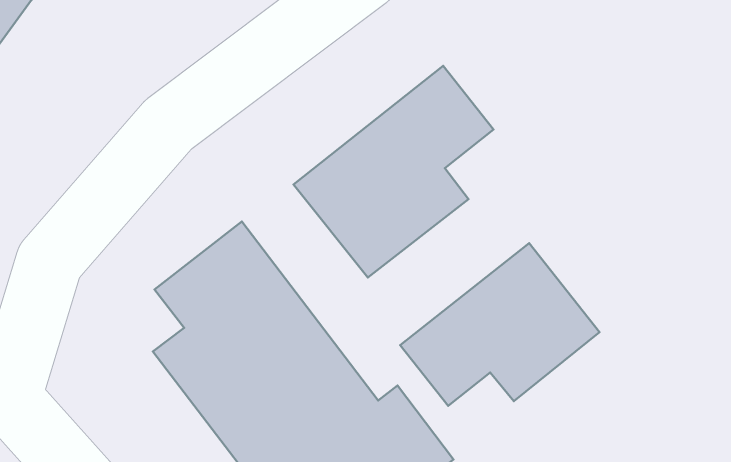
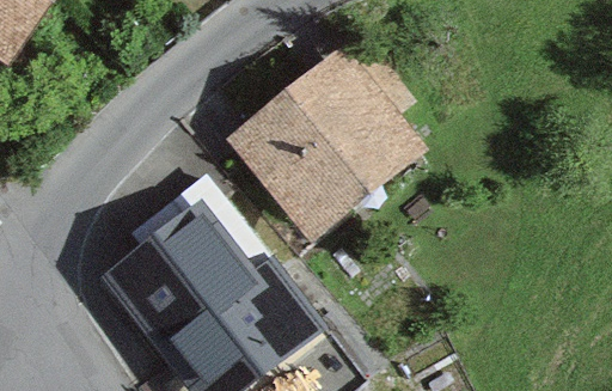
building: [400,243,600,406] -> none

